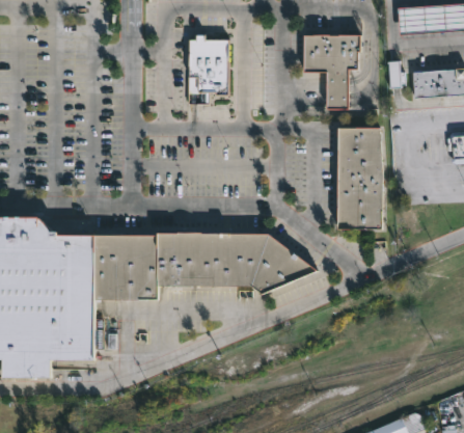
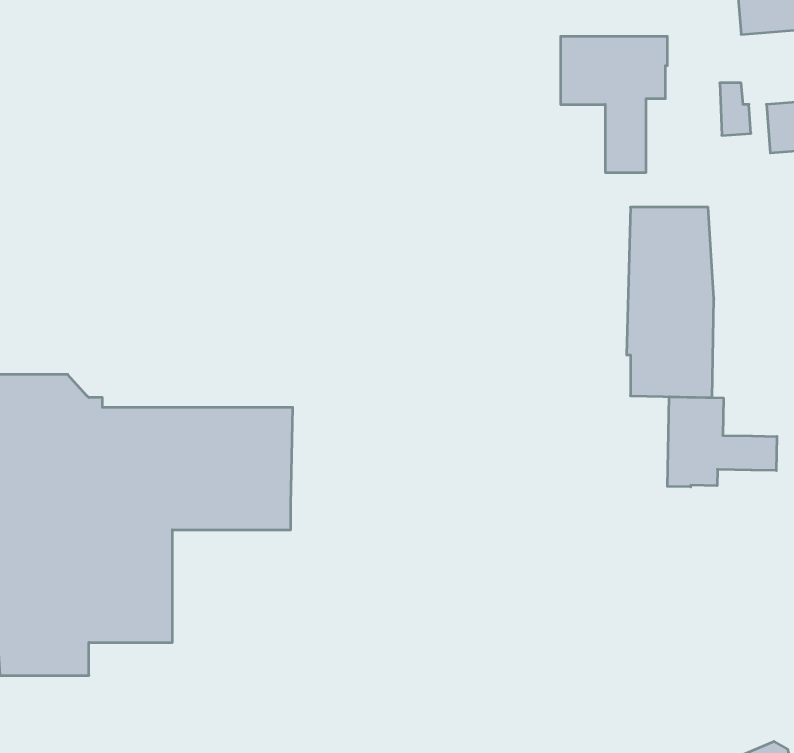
building: [187,33,227,104] -> none
building: none -> [667,397,777,487]
building: [157,232,318,295] -> none

